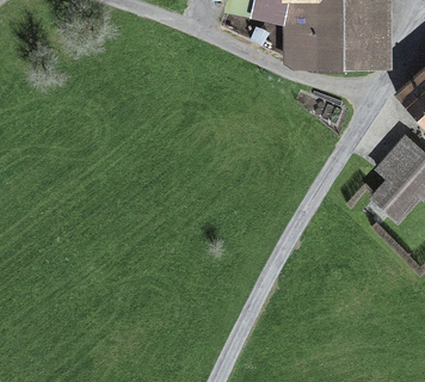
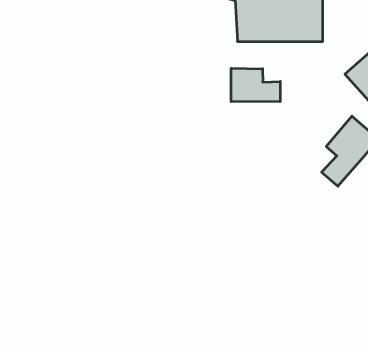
building: none -> [231,68,280,102]

